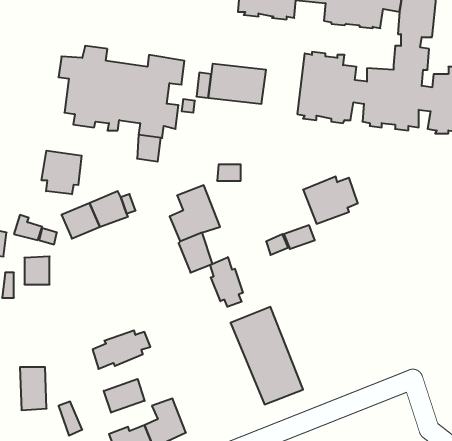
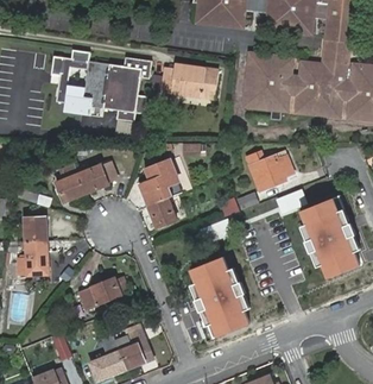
building: [42,151,82,194] -> none
building: none -> [302,199,359,277]
building: [210,257,243,307] -> none
building: [20,367,47,410] -> [25,239,46,273]
building: [104,379,145,413] -> none

